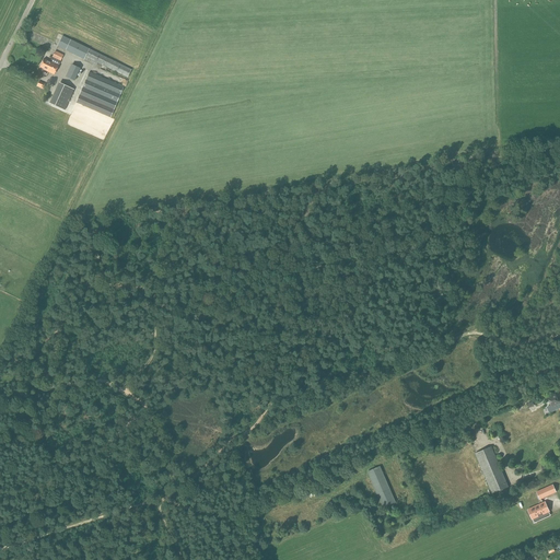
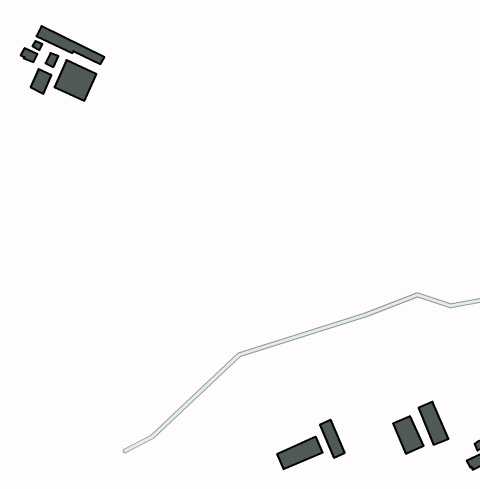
building: none -> [393,416,424,454]
building: none -> [277,437,323,469]

